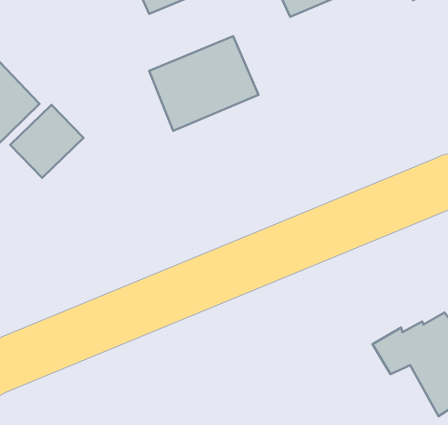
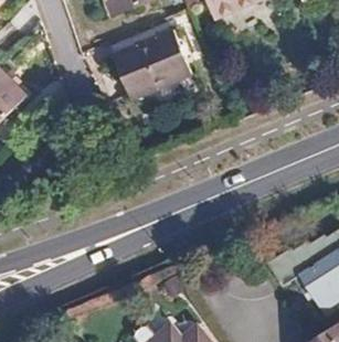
building: [10,105,83,178] -> none

